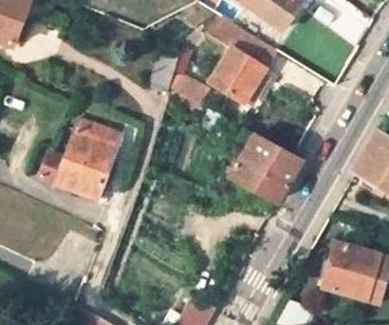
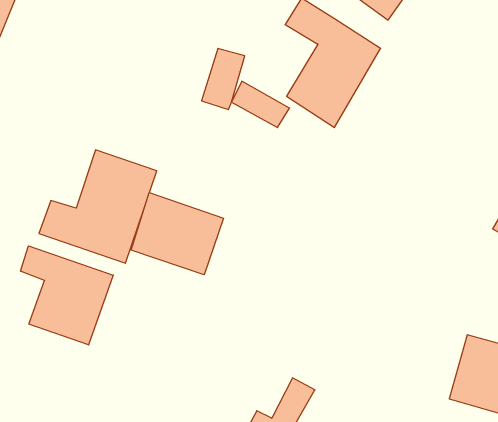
building: [232,134,302,201] -> none
building: none -> [131,193,224,275]
building: none -> [21,246,113,345]

